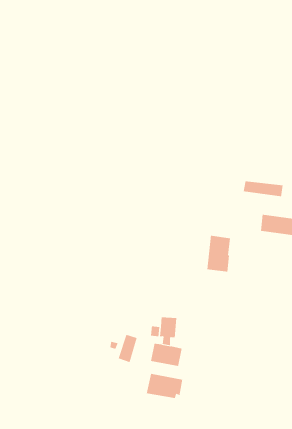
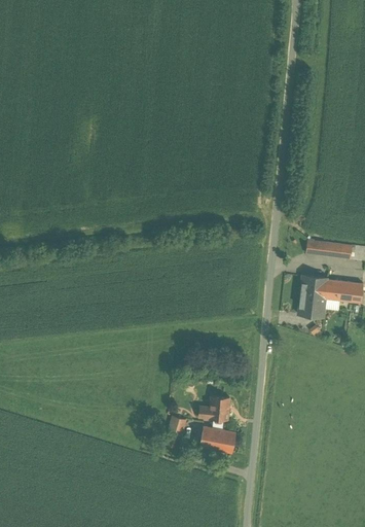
building: [206,235,231,272] -> [299,275,327,317]
building: [146,373,183,399] -> none

